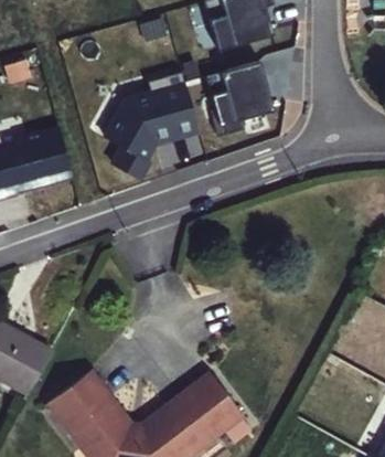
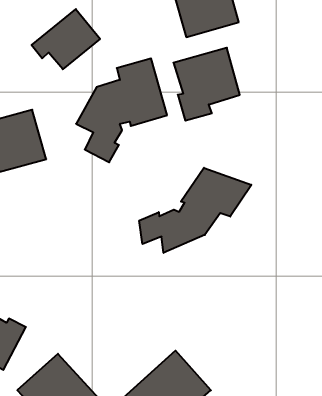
building: none -> [32,9,100,69]
building: none -> [139,168,251,253]

